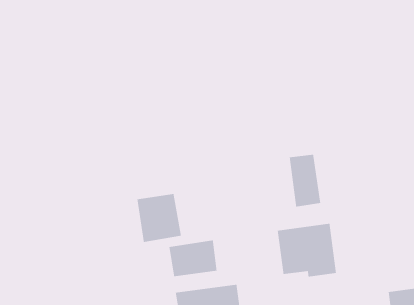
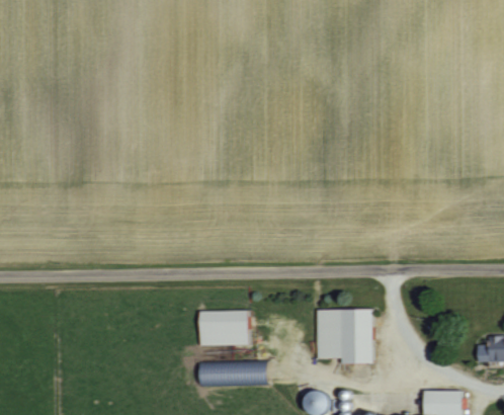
building: [289,154,321,208] -> none
building: [136,193,182,243] -> none

